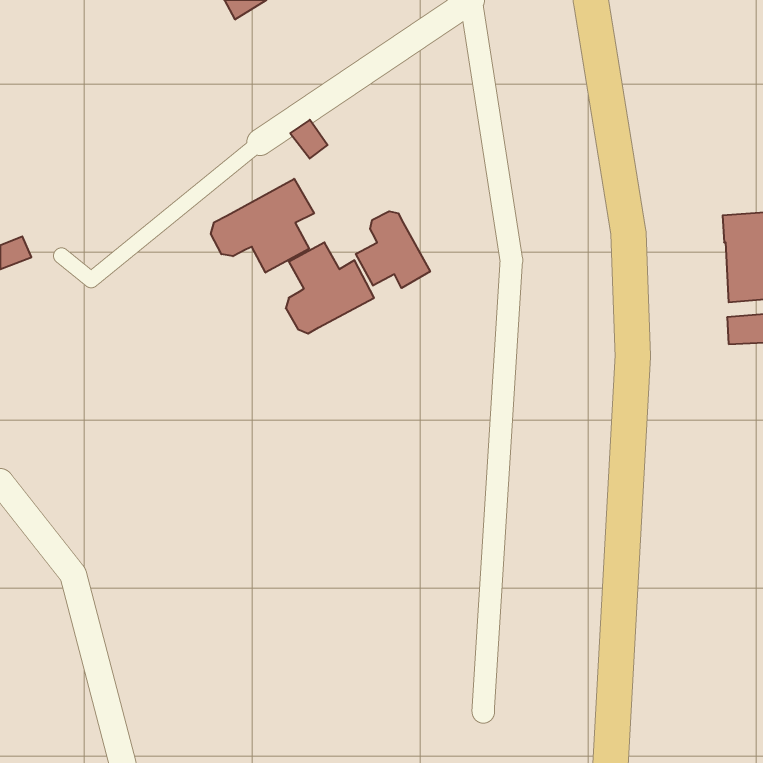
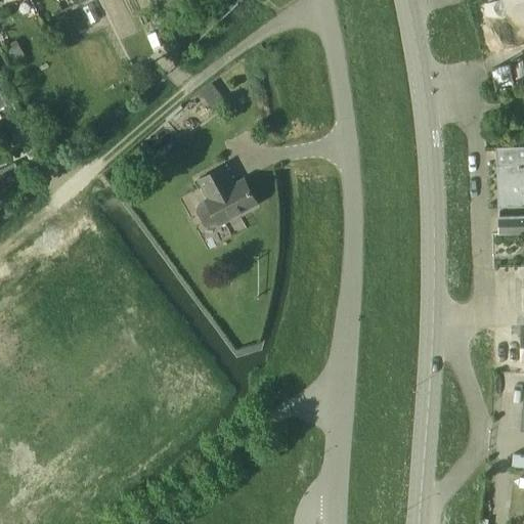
building: [211,179,314,273] -> none
building: [356,211,430,288] -> none

